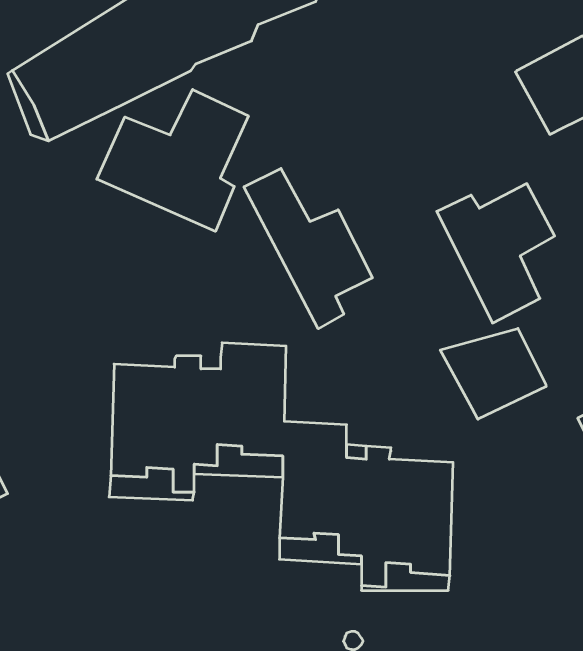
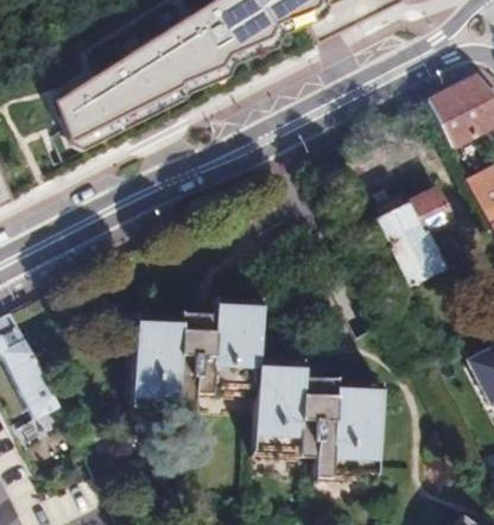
building: [97,89,248,231] -> none
building: [244,168,372,329] -> none
building: [440,328,546,419] -> none

